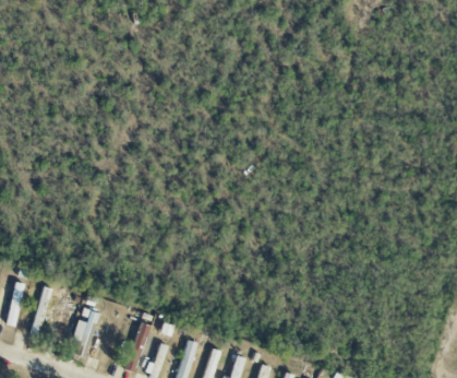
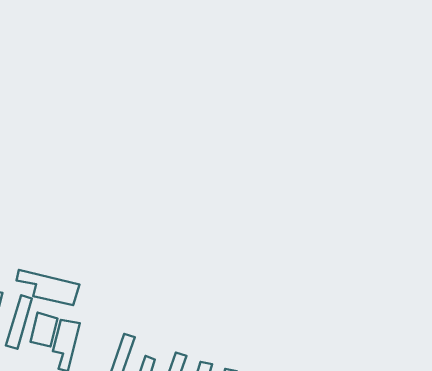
building: none -> [16,270,80,305]

